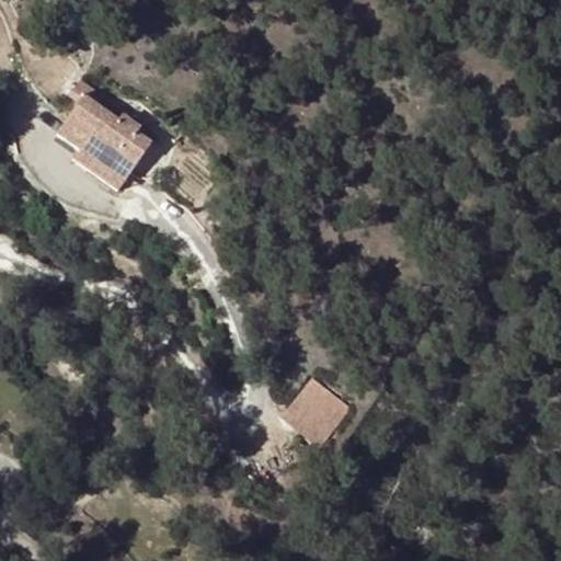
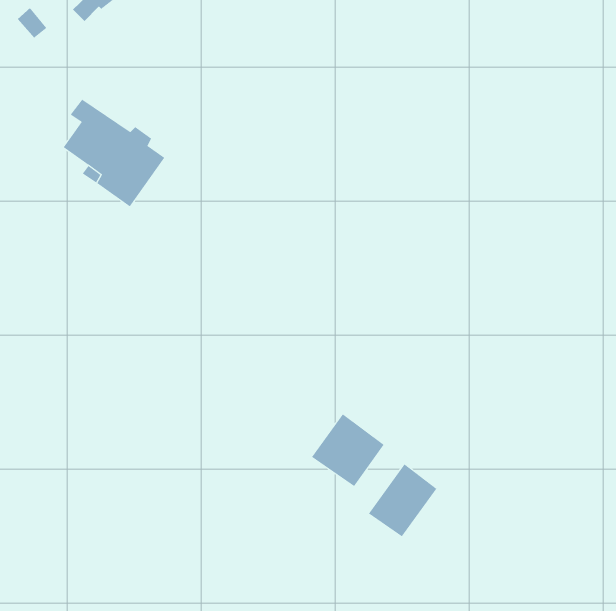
building: none -> [368,464,437,537]

